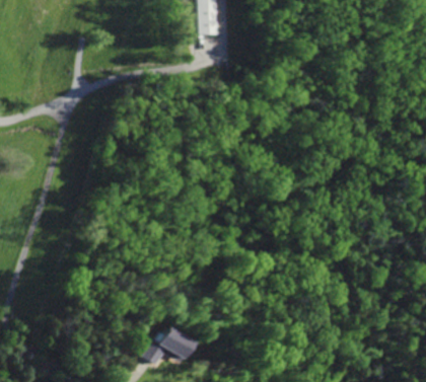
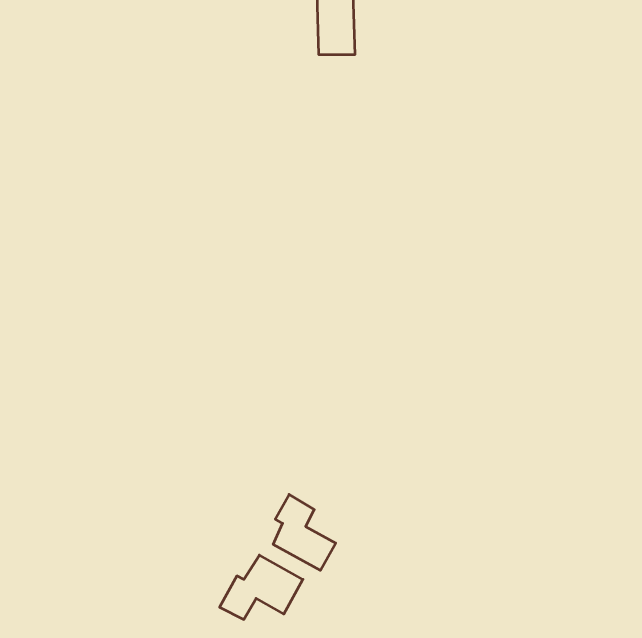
building: none -> [273,494,336,570]

